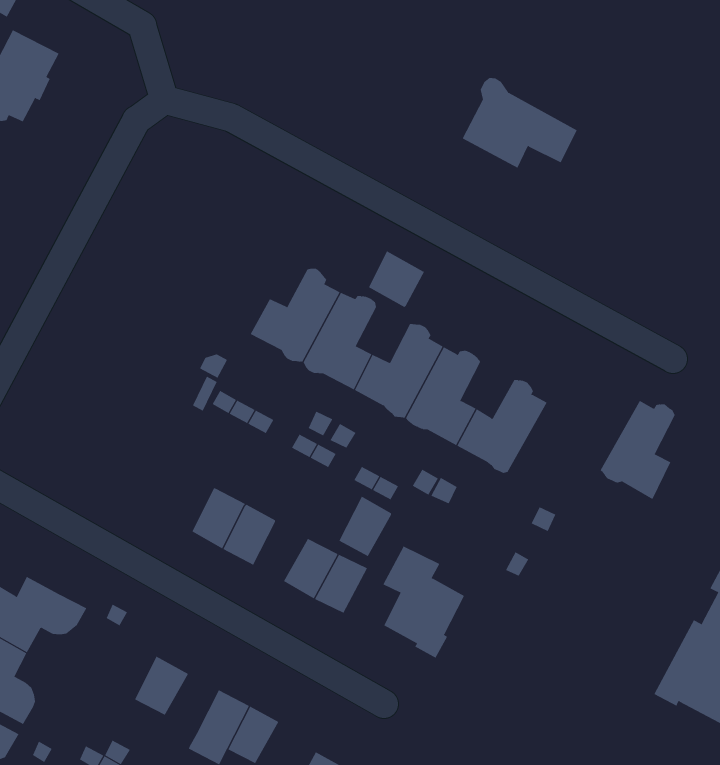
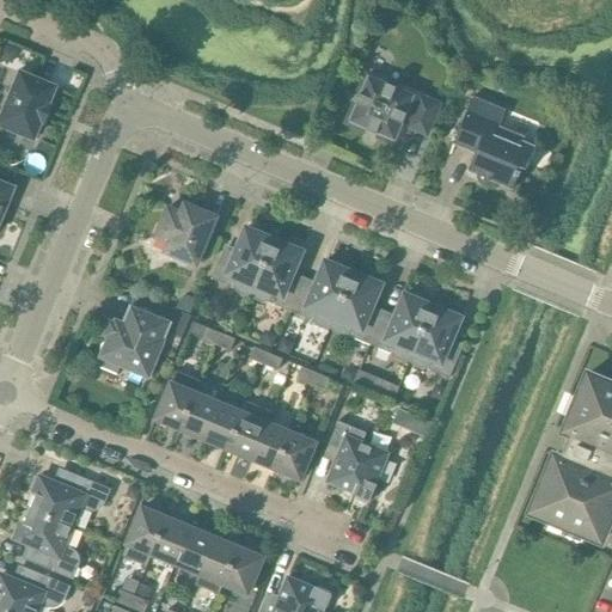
building: none -> [453,96,534,188]
building: none -> [155,203,216,264]
building: [368,251,425,308] -> none
building: none -> [99,305,170,377]
building: [600,400,676,500] -> [409,306,460,378]
building: none -> [159,373,200,426]
building: [339,495,392,557] -> [230,411,267,455]
building: none -> [123,510,165,567]
building: none -> [176,530,213,573]

